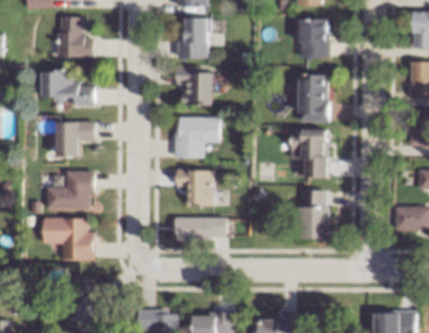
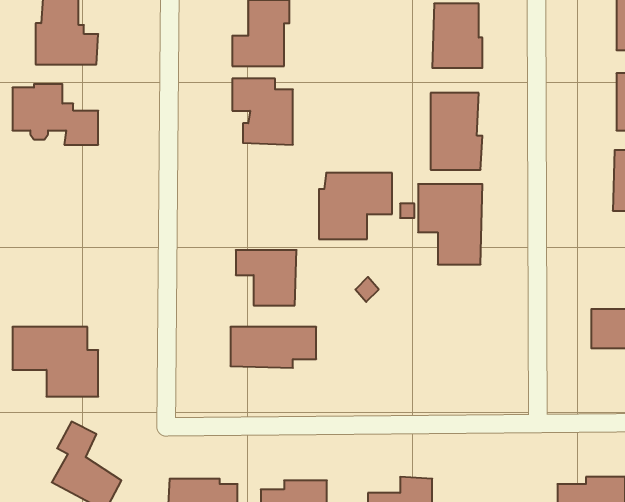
building: [175,117,219,157] -> [319,173,392,239]
building: [56,121,95,157] -> none
building: [45,170,93,210] -> none
building: [301,190,327,238] -> none

